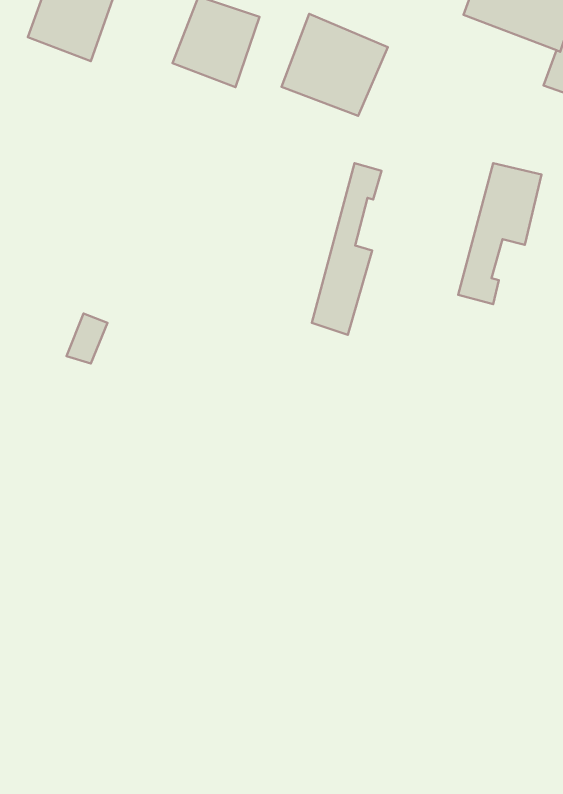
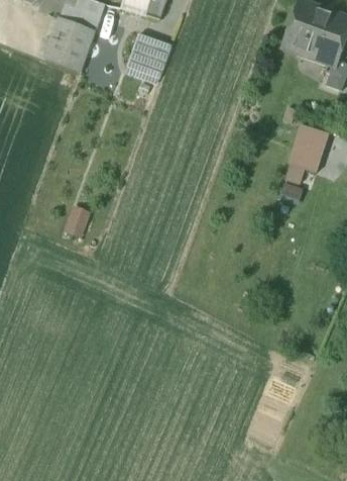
building: [281,14,388,116] -> none
building: [312,163,381,335] -> none

